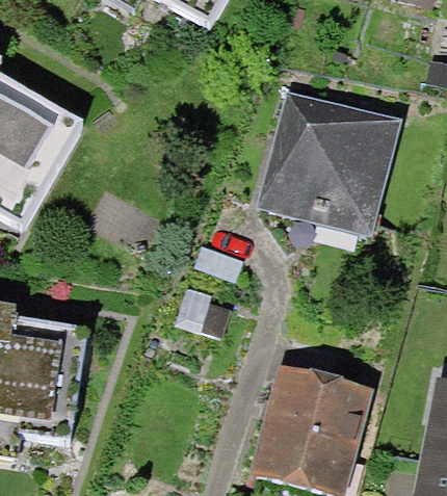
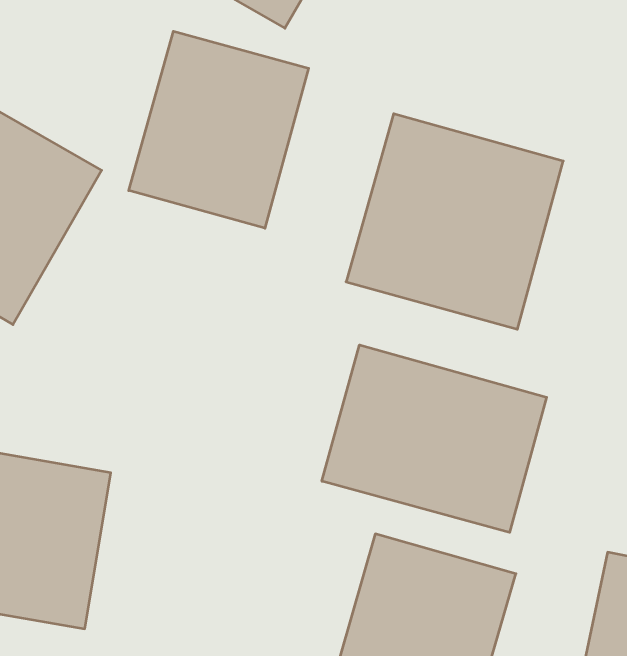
building: none -> [129,31,309,228]
building: none -> [322,345,547,532]

